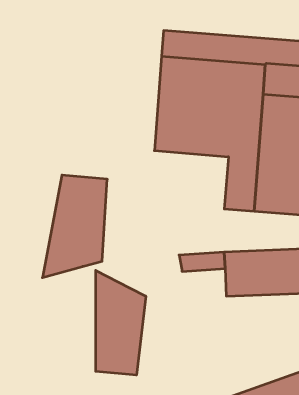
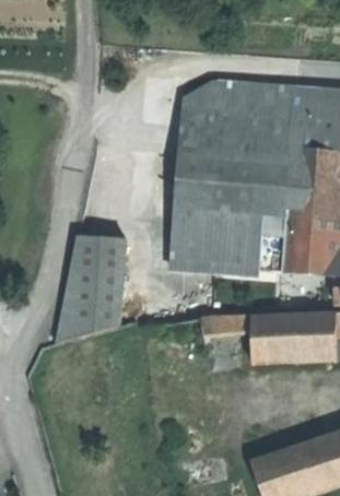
building: none -> [168,206,253,271]
building: [96,270,146,375] -> none

